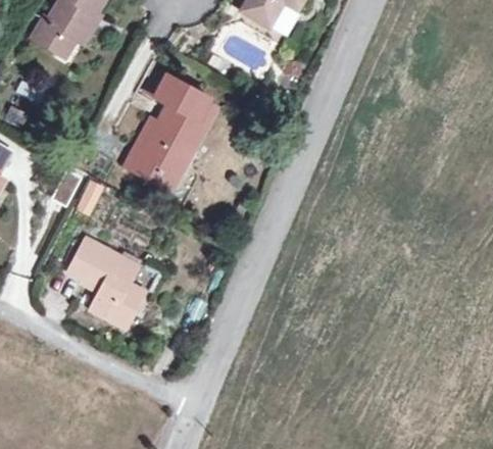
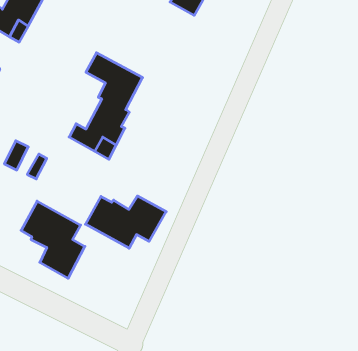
building: none -> [85,196,166,248]

